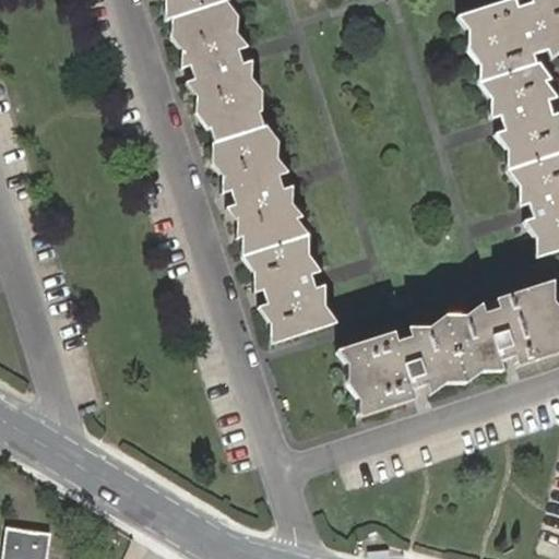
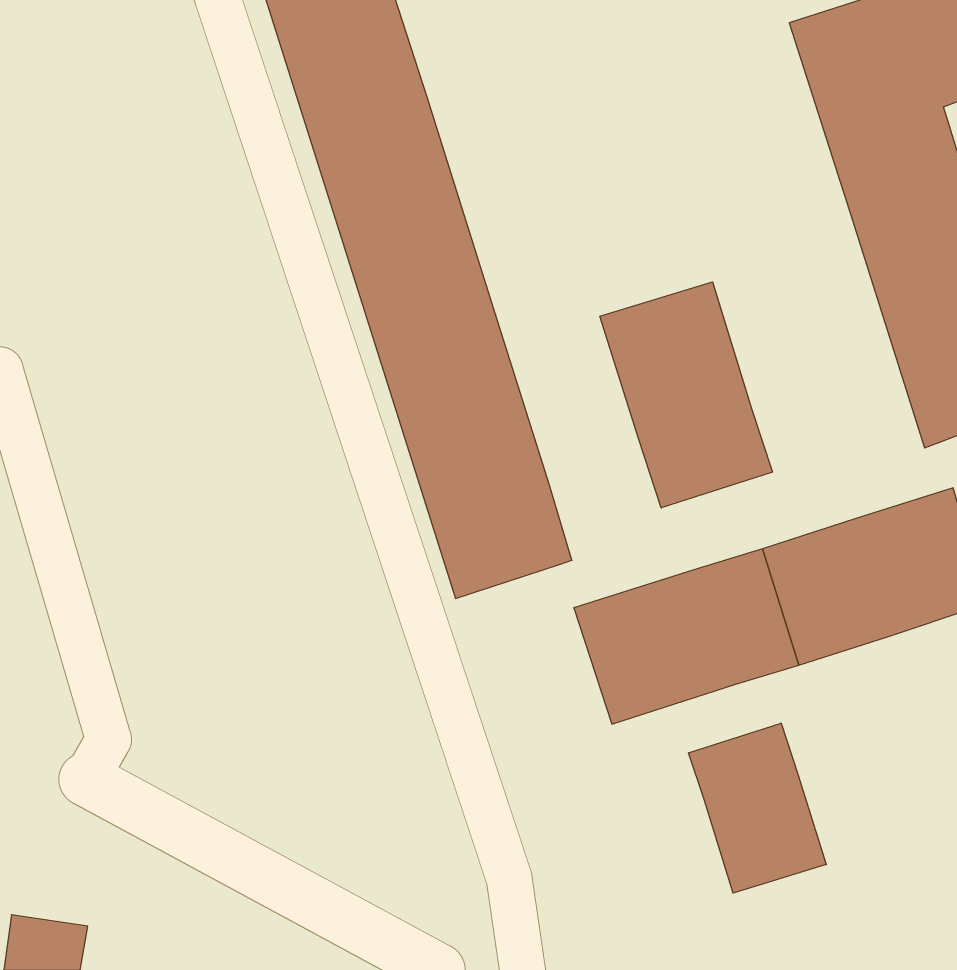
building: none -> [600,282,773,508]
building: none -> [689,723,826,893]

